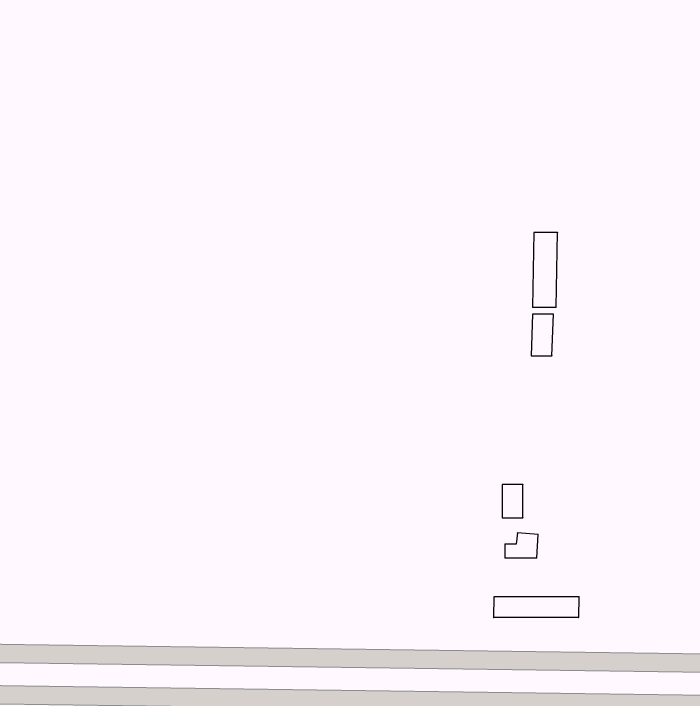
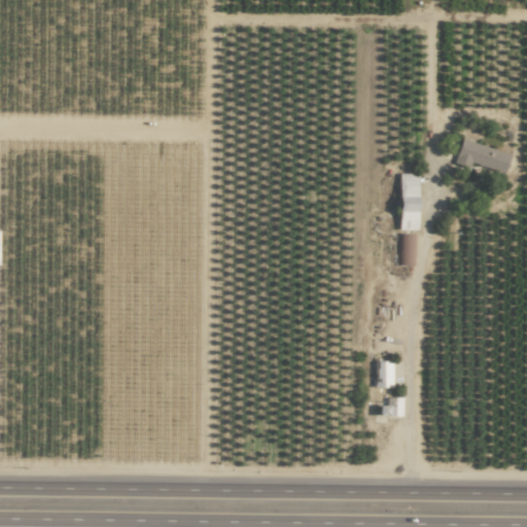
building: none -> [458,140,514,171]
building: [494,597,579,618] -> none

